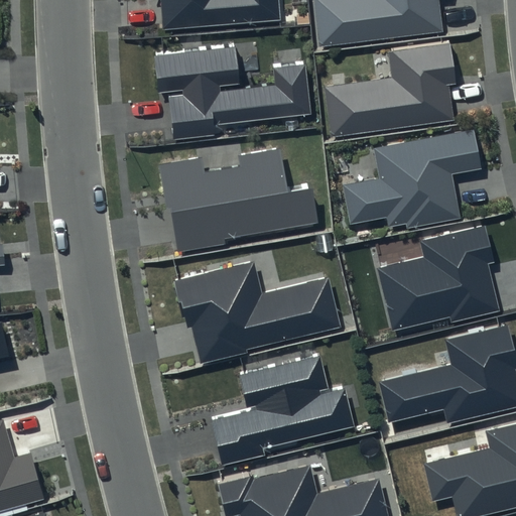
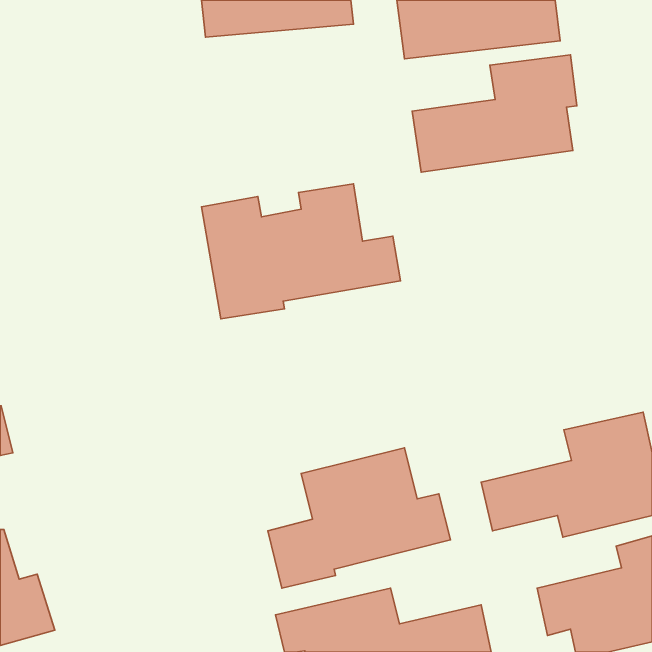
building: [152,45,310,140] -> none
building: [343,128,482,227] -> none
building: [377,225,500,331] -> none
building: [174,262,341,362] -> none

